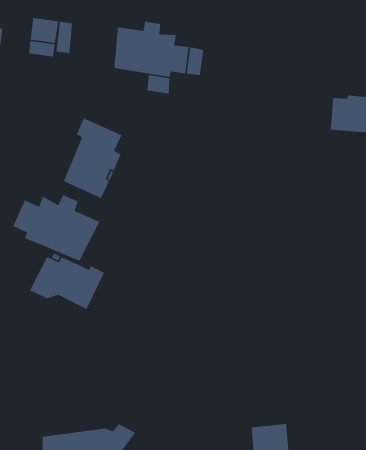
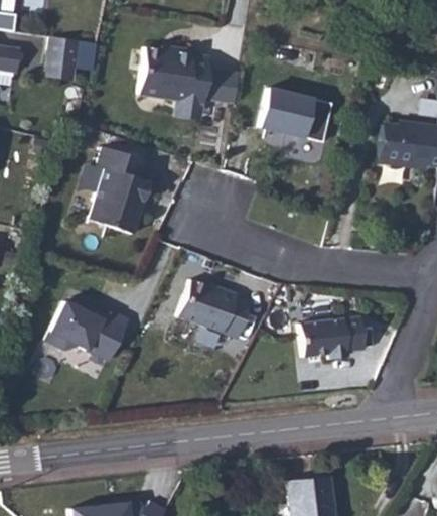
building: none -> [257,88,330,142]
building: [12,194,100,262] -> none
building: none -> [184,282,258,341]
building: none -> [306,319,371,362]

